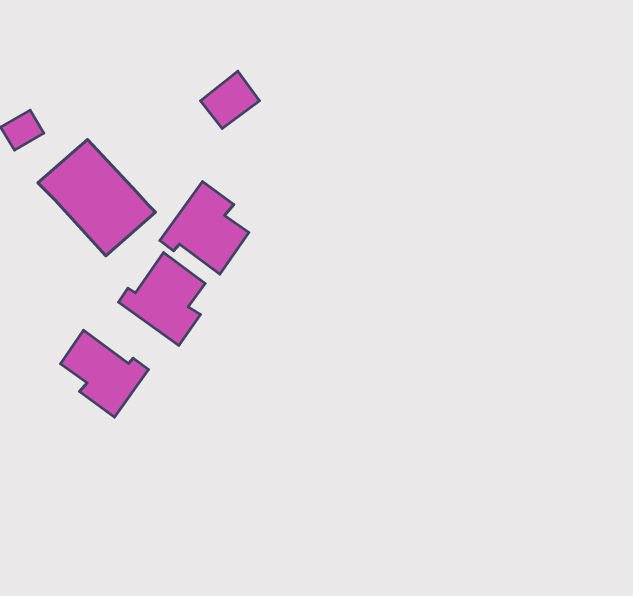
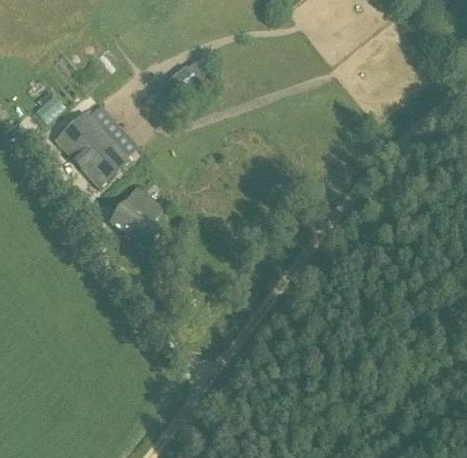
building: [160,181,249,274] -> none
building: [60,330,149,417] -> none

